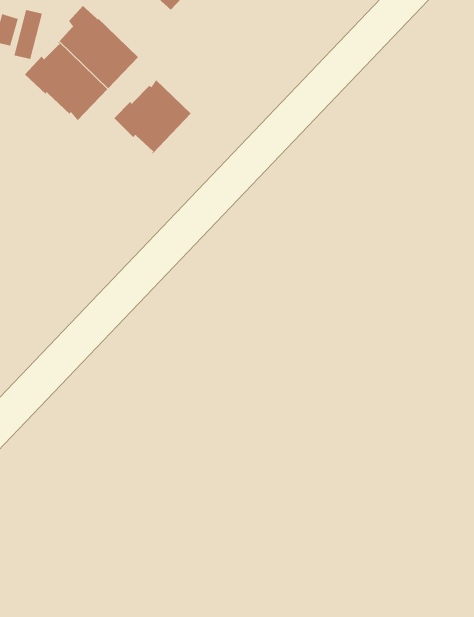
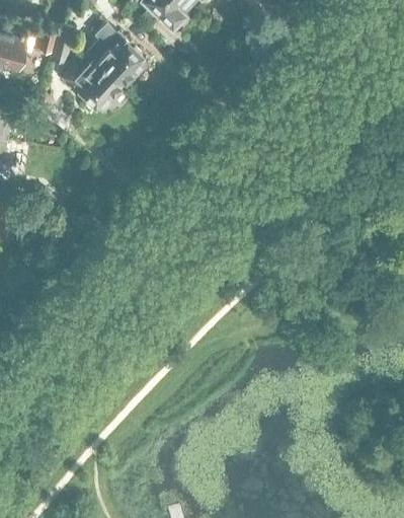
building: [113,79,191,154] -> none

